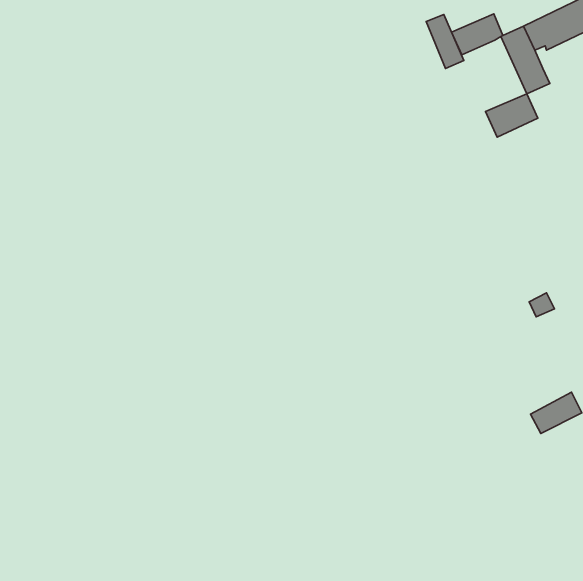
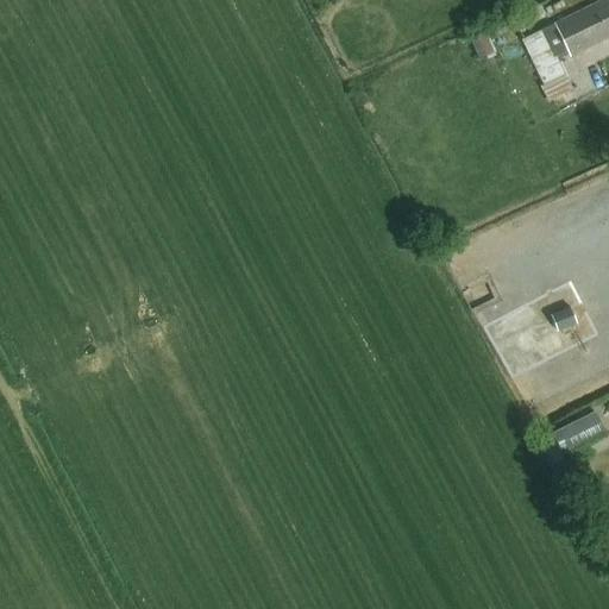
building: [426,14,464,68] -> none
building: [485,94,538,137] -> none

